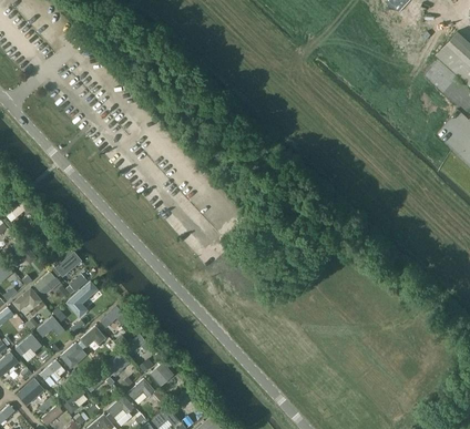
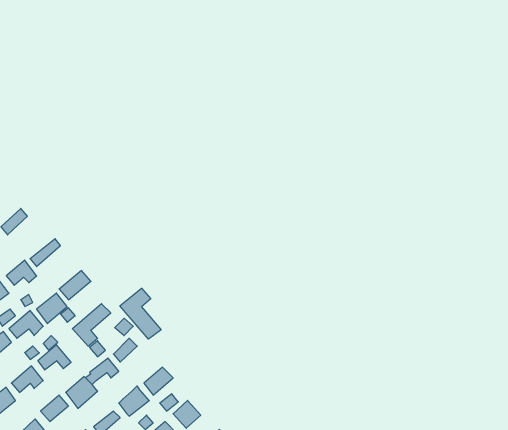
building: none -> [120,288,161,339]

